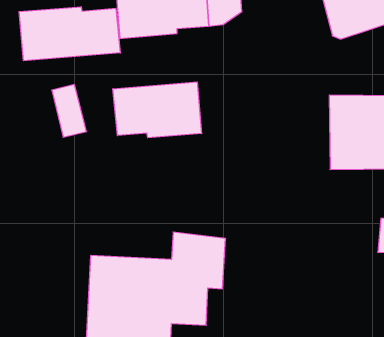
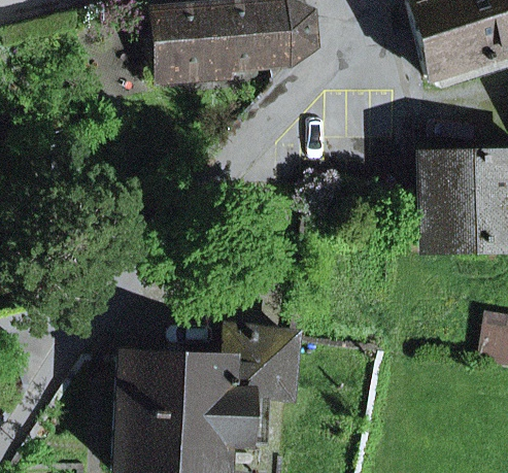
building: [19,7,120,61] -> none
building: [113,82,202,138] -> none

